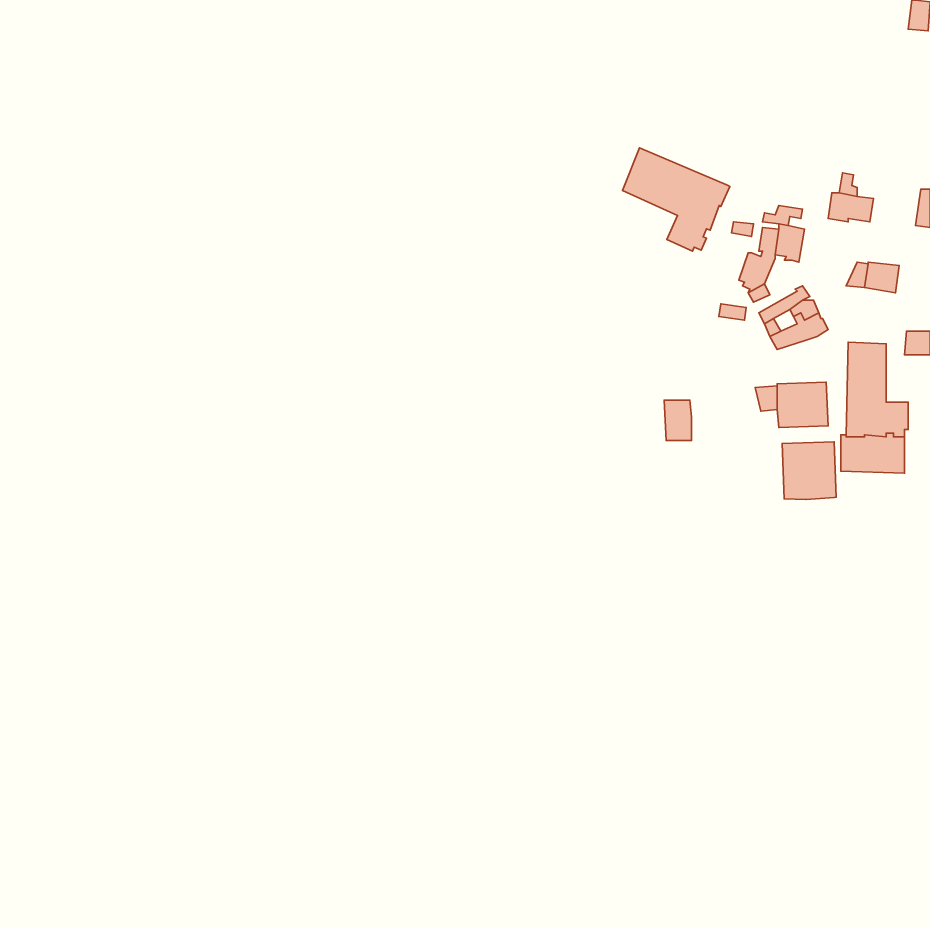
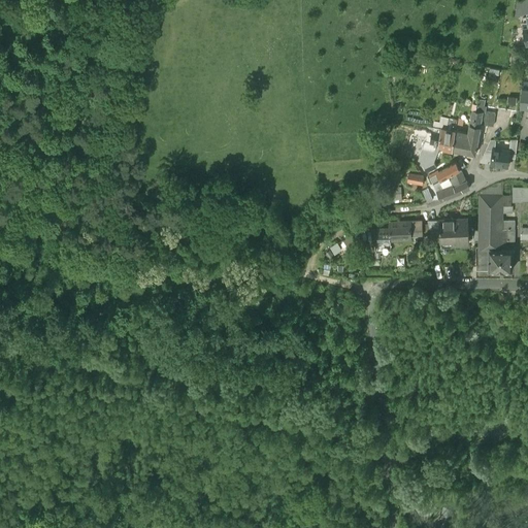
building: [622,148,730,251] -> none
building: none -> [453,125,481,154]
building: none -> [391,220,423,237]
building: [782,442,836,499] -> none

